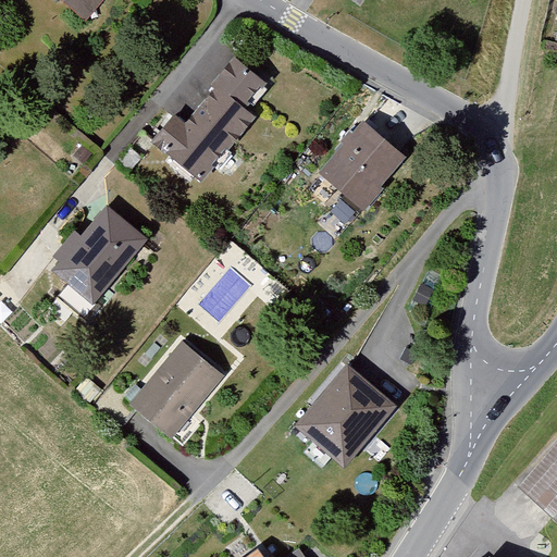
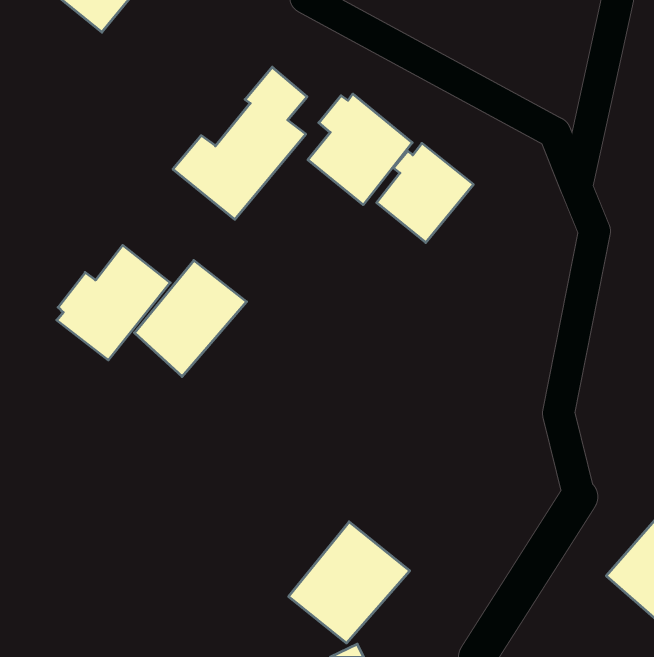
building: none -> [308,94,412,205]
building: [131,342,225,440] -> [134,260,247,377]
building: [301,356,404,458] -> [289,522,410,643]

